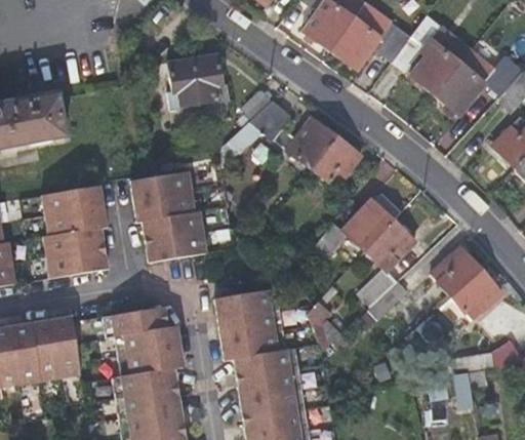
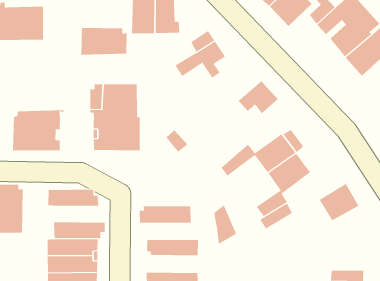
building: [289,120,338,170] -> none
building: [43,187,105,229] -> [81,28,127,55]
building: [453,273,502,321] -> none
building: [213,288,279,318] -> none
building: [112,326,178,356] -> none
building: [219,328,286,359] -> none
building: [236,367,301,398] -> none

